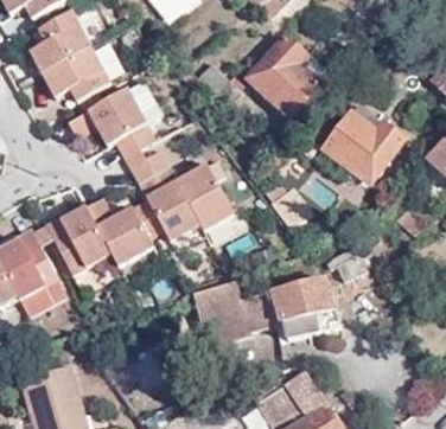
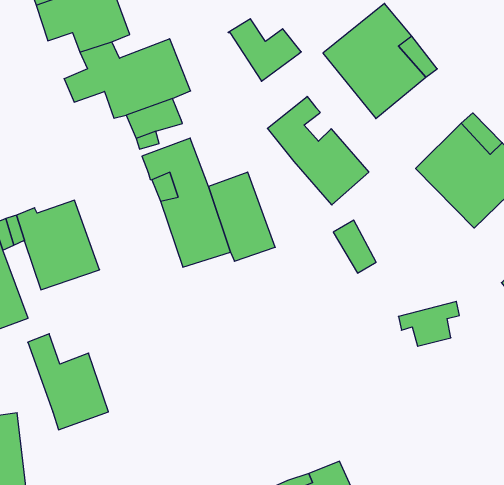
building: none -> [267,96,369,205]
building: [88,199,152,265] -> [28,334,108,430]
building: [195,282,338,346] -> none

